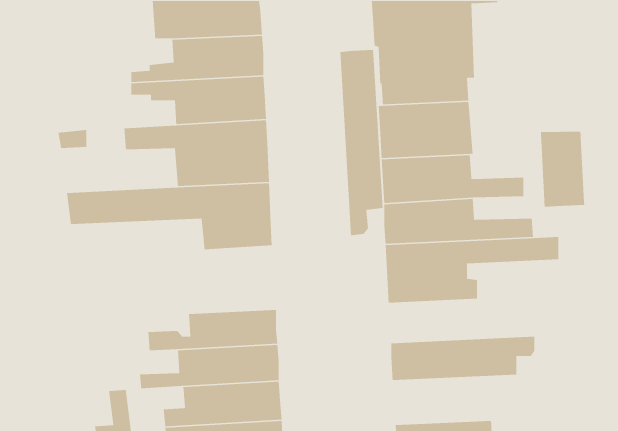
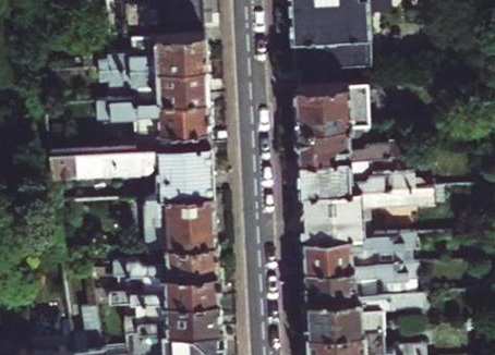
building: [339,49,384,236] -> none
building: [540,131,585,207] -> none
building: none -> [124,197,216,249]
building: none -> [299,236,414,272]
building: none -> [301,296,424,335]

